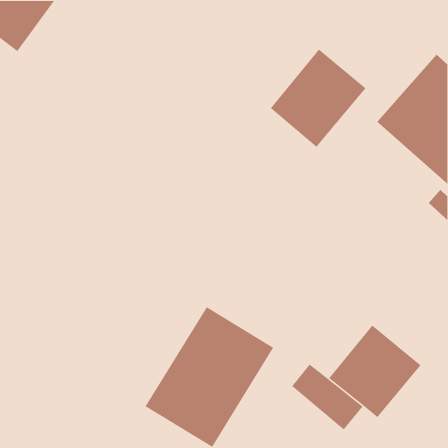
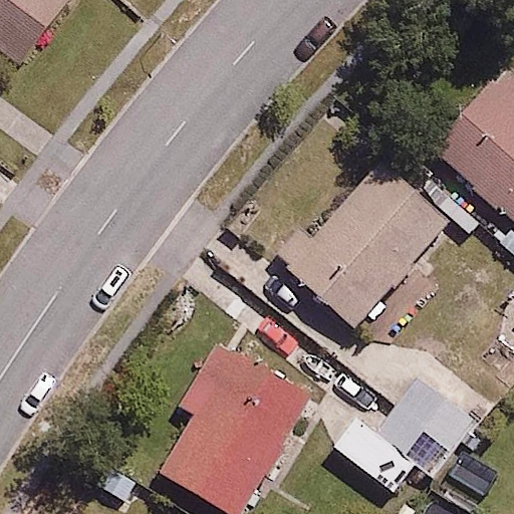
building: [270,48,366,148] -> none
building: none -> [274,165,448,328]

